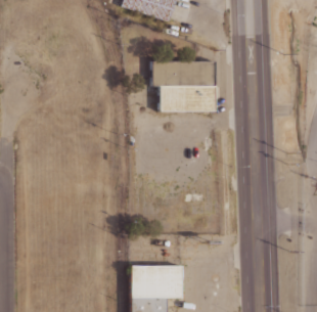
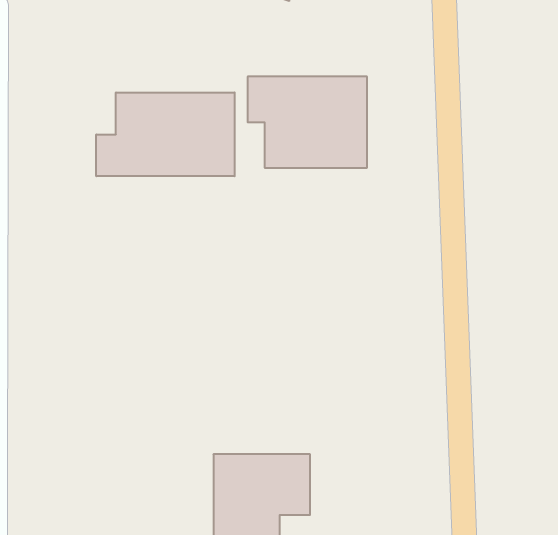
building: none -> [96,92,235,176]

